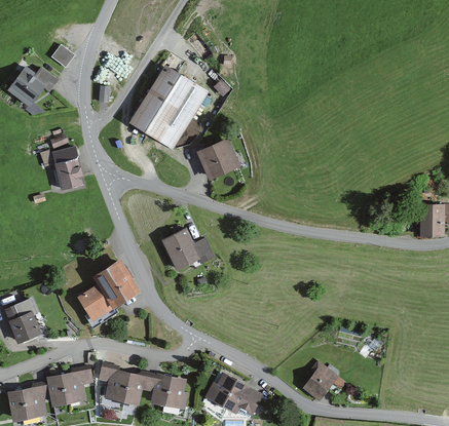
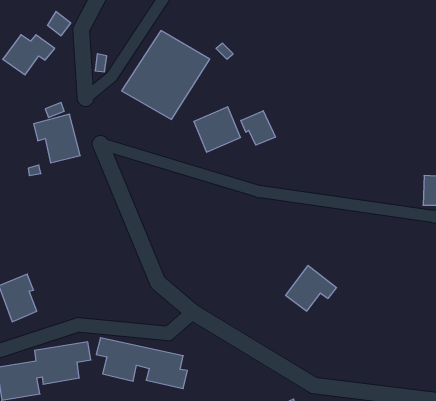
building: none -> [241,111,275,145]
building: [160,228,215,273] -> none
building: [79,262,144,330] -> none
building: [296,359,345,403] -> [286,266,337,311]
building: [207,372,263,415] -> none

